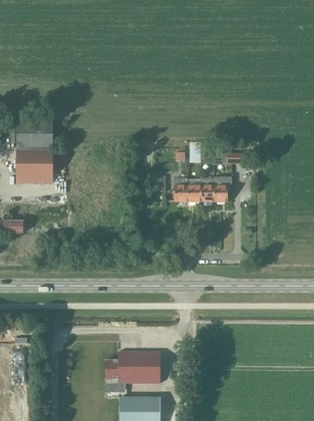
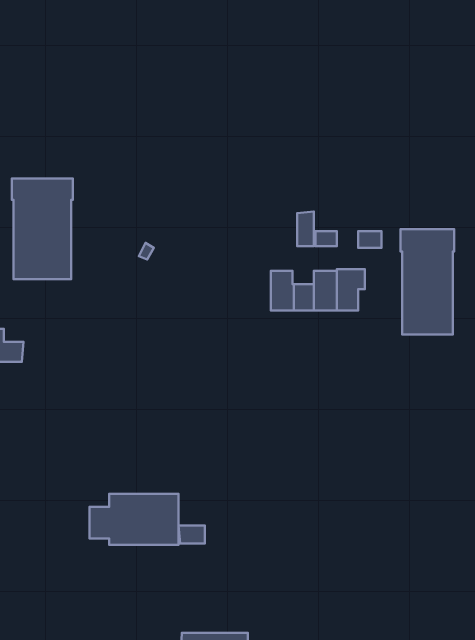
building: none -> [401,229,454,334]
building: [105,352,160,383] -> [89,494,179,545]

